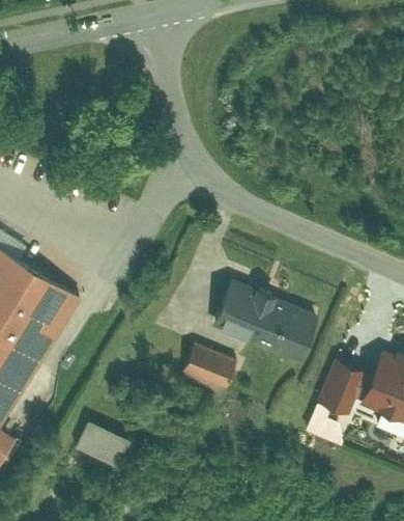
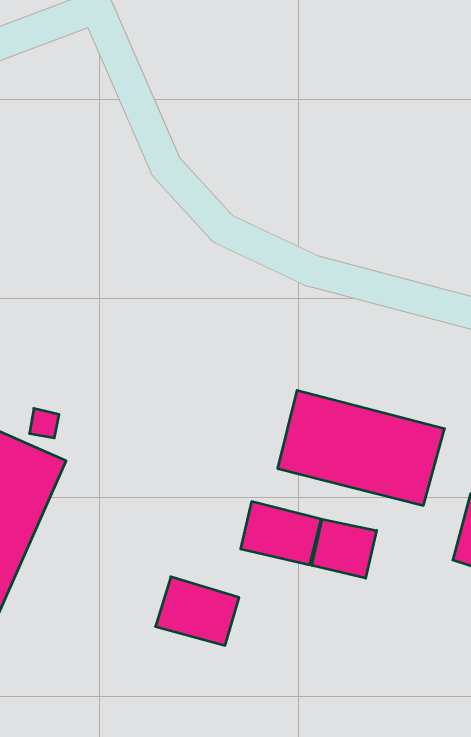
building: none -> [312,519,377,578]
building: [71,427,127,475] -> [155,577,239,645]

